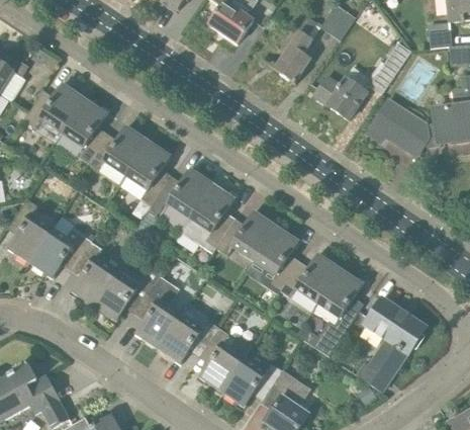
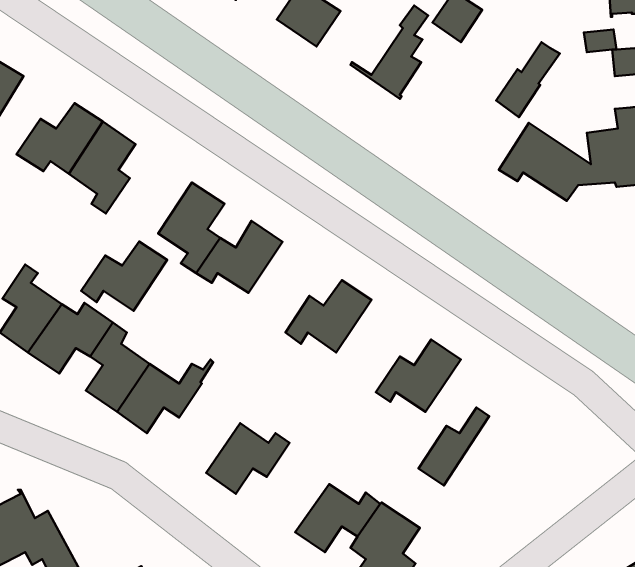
building: [314,75,369,119] -> none
building: [87,127,149,177] -> [81,241,167,311]
building: [189,183,236,248] -> none
building: [252,225,298,290] -> none
building: [315,267,363,320] -> none
building: [137,284,183,348] -> none
building: [353,297,427,393] -> none
building: [199,327,247,391] -> none

